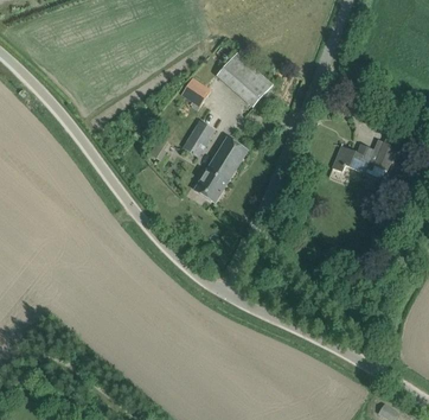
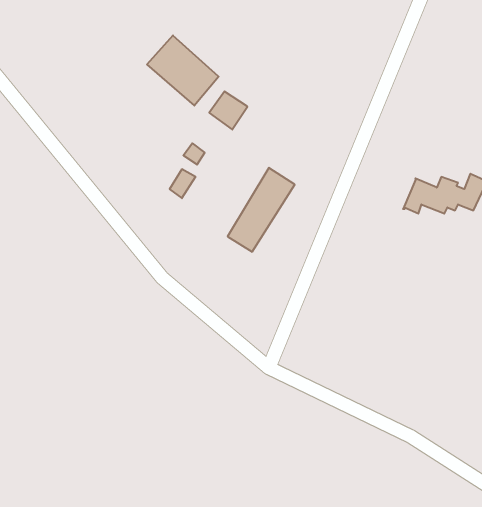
building: [216,52,271,107] -> [147,35,219,106]
building: [183,120,215,157] -> none

